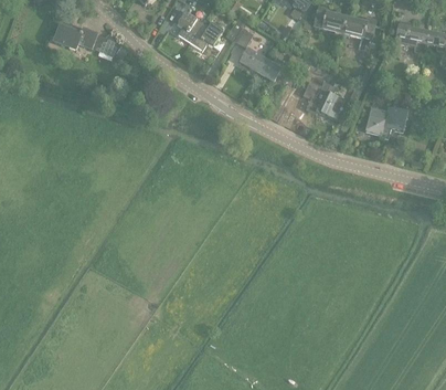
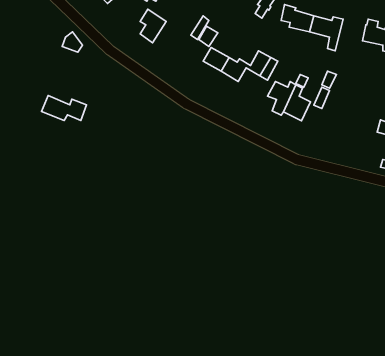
building: [189,21,224,51] -> none
building: [53,24,97,49] -> [41,96,87,121]
building: [364,106,407,139] -> none

